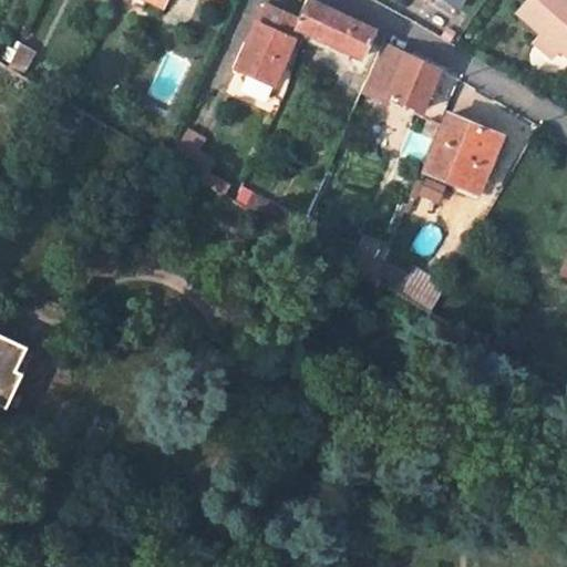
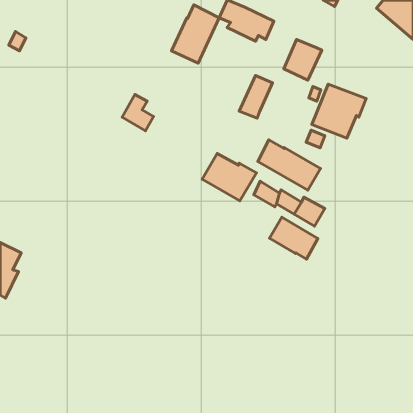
building: [361,44,406,103] -> [239,75,272,118]
building: none -> [258,140,321,190]
building: none -> [202,154,256,201]
building: none -> [269,217,318,259]

